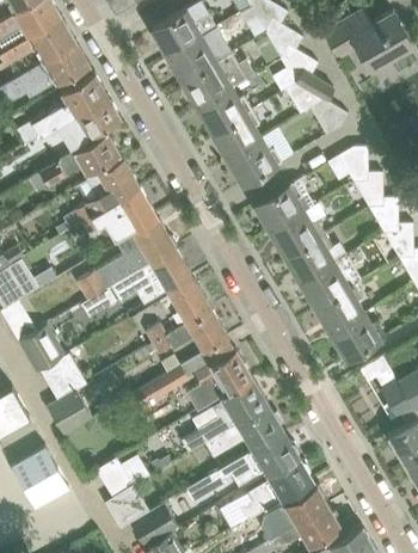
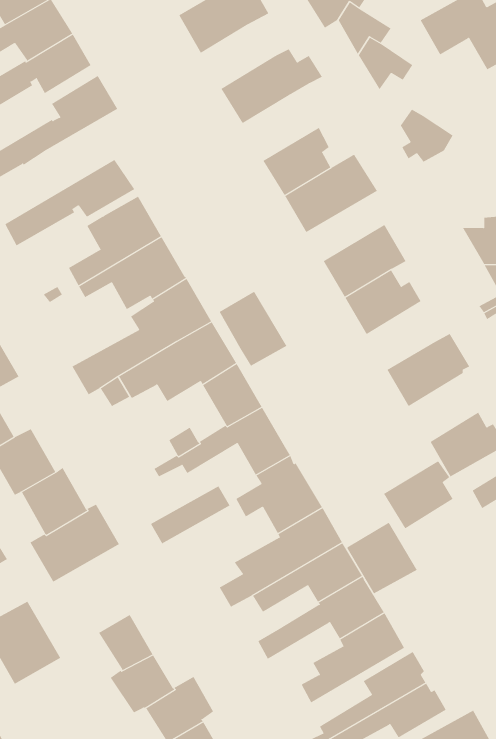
building: [167,38,221,84] -> none
building: [285,73,333,116] -> none
building: [197,88,252,135] -> none
building: [57,98,121,150] -> none
building: [339,149,369,183] -> none
building: none -> [219,291,287,366]
building: [285,235,334,284] -> none
building: [315,287,365,336] -> [383,460,453,529]
building: none -> [347,522,417,594]

